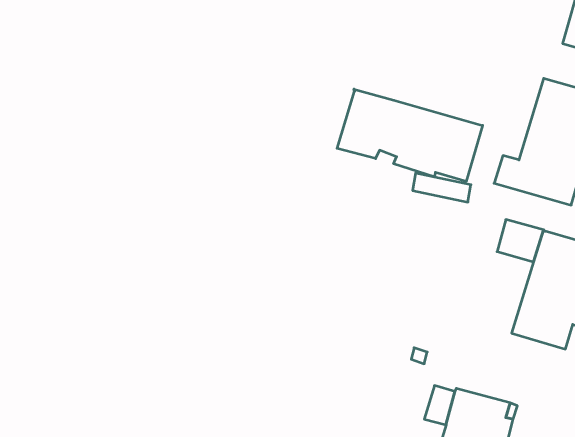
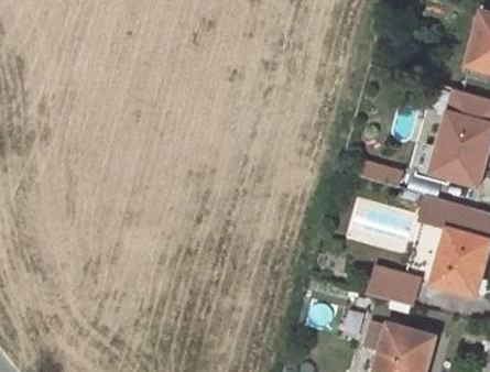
building: [337,89,483,181] -> none
building: none -> [368,267,418,304]

